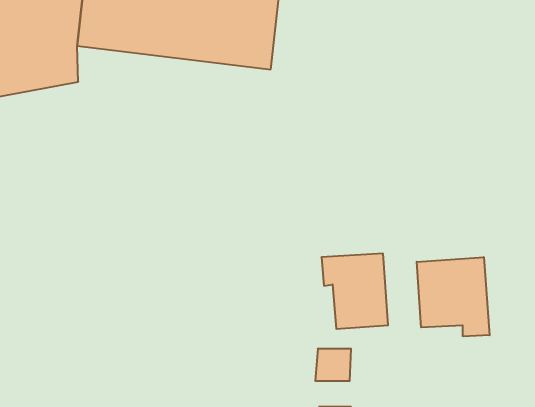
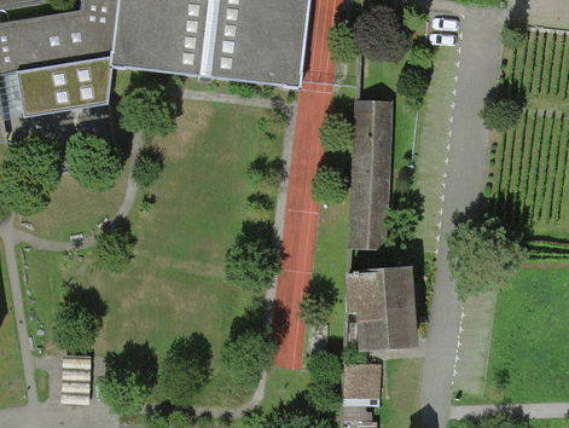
building: none -> [353,102,385,245]
building: [417,257,490,336] -> none

